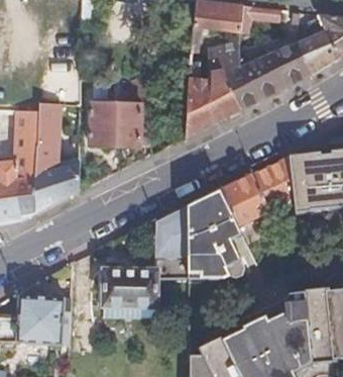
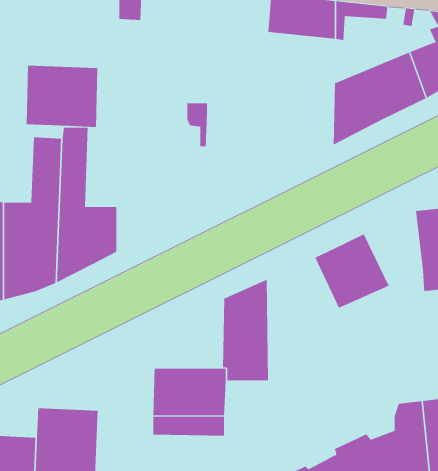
building: [183,48,238,135] -> none
building: [86,103,137,148] -> [26,65,98,127]
building: [259,154,301,208] -> none
building: [191,188,245,279] -> none

